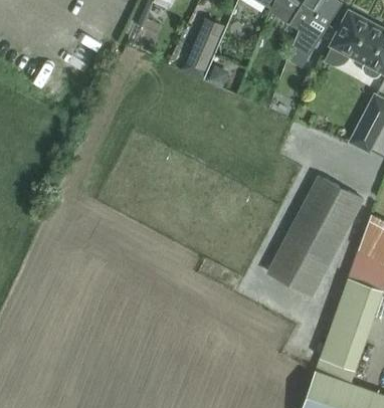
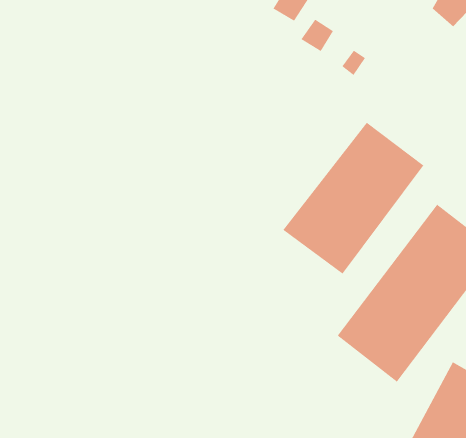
building: none -> [283,122,424,274]

